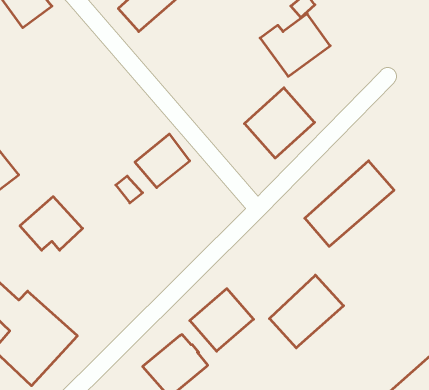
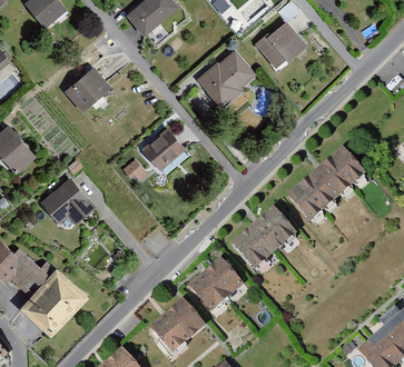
building: none -> [61,60,114,110]
building: [244,88,315,158] -> [196,44,257,106]
building: [269,275,344,348] -> [231,204,296,267]

